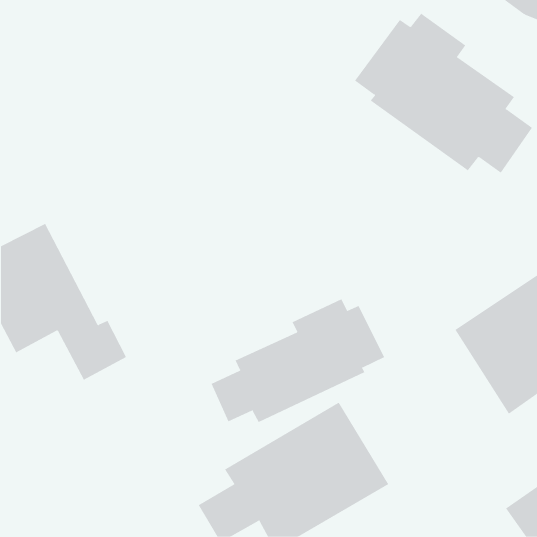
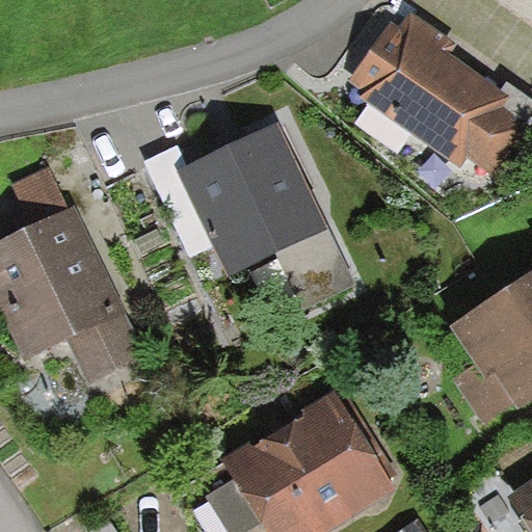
building: none -> [149,126,355,308]
building: [211,298,385,423] -> none

